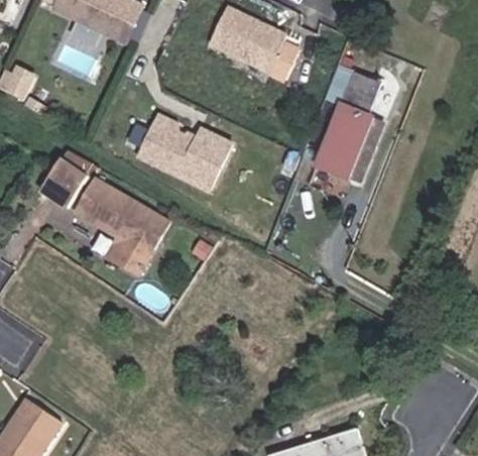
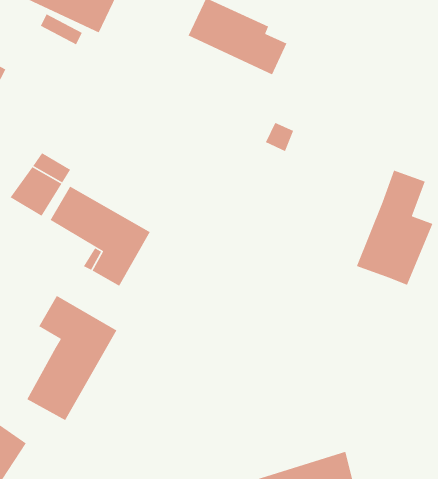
building: [314,73,386,182] -> [356,169,433,286]
building: [138,115,232,191] -> none
building: none -> [26,295,118,421]

